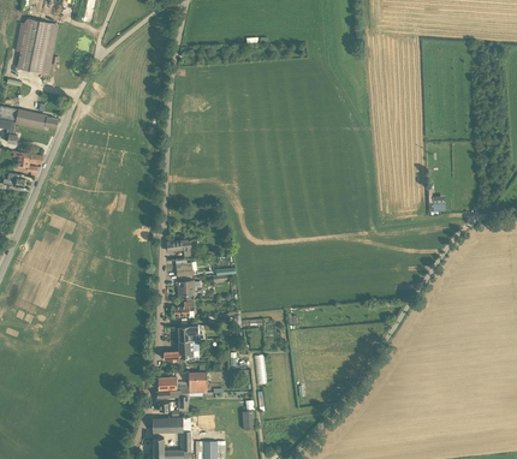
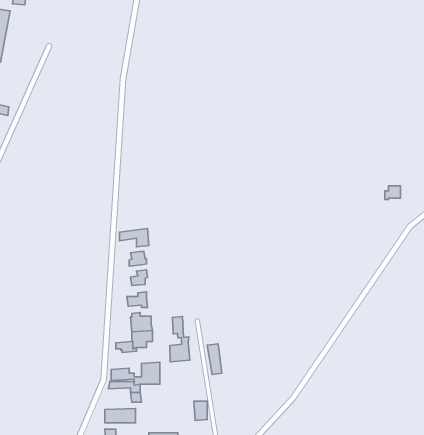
building: none -> [170,316,190,362]

